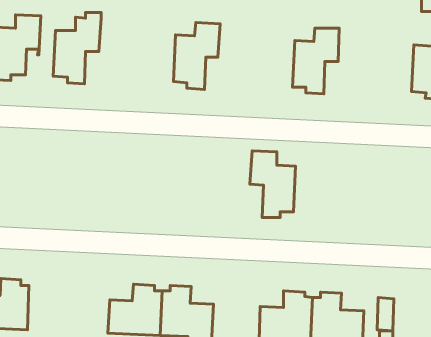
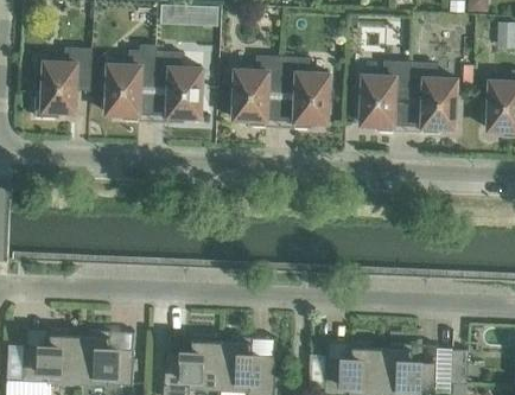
building: none -> [152,51,201,123]
building: none -> [407,62,454,134]
building: [250,151,296,217] -> [279,57,328,128]
building: none -> [76,330,132,386]

